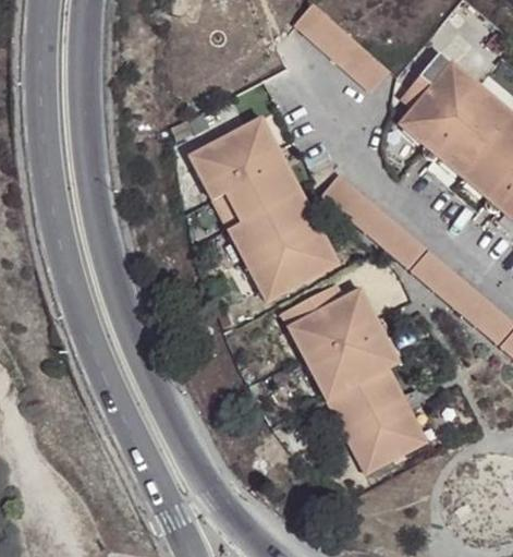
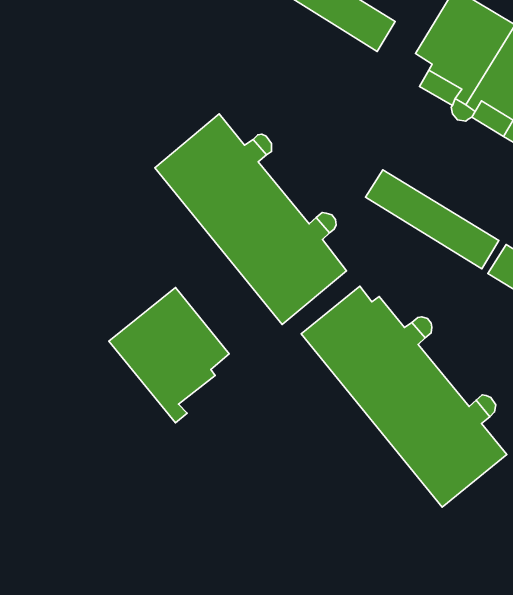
building: none -> [109,287,229,423]

